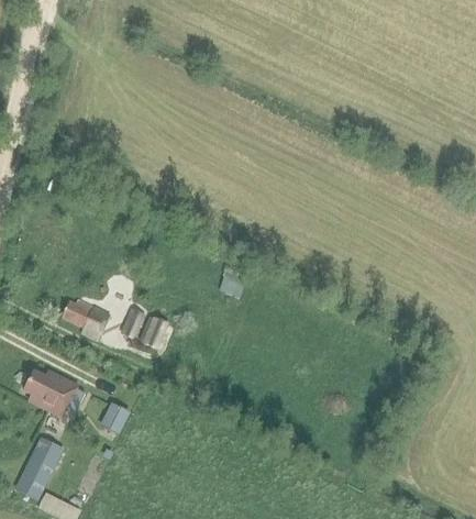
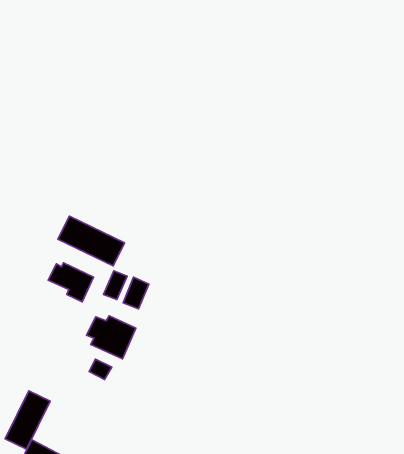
building: none -> [58,216,124,266]
building: [24,372,77,418] -> [87,316,136,359]

